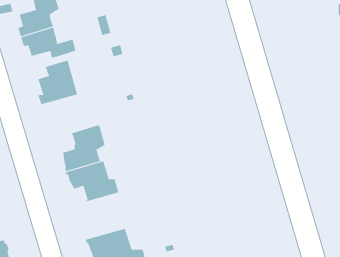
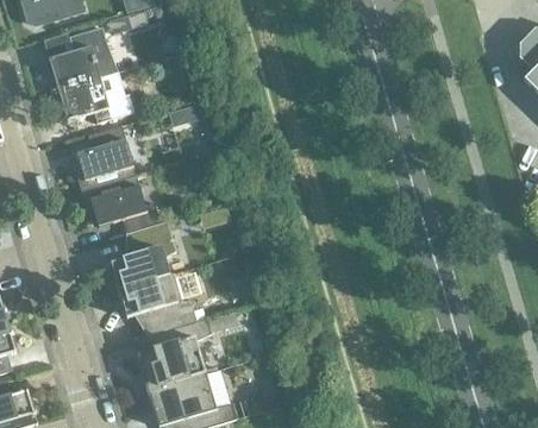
building: none -> [81,176,161,233]
building: none -> [139,319,211,390]

